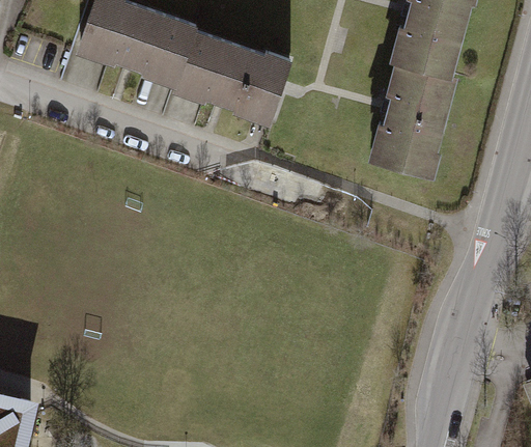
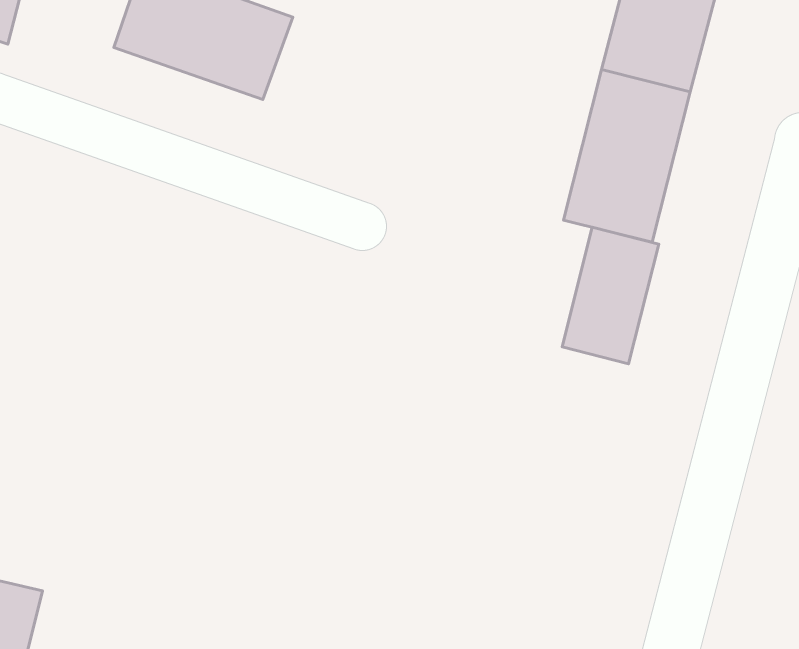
building: [172,30,290,119] -> none
building: none -> [562,227,659,364]

